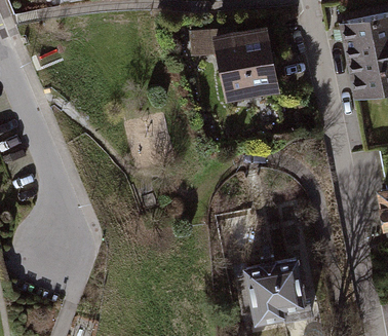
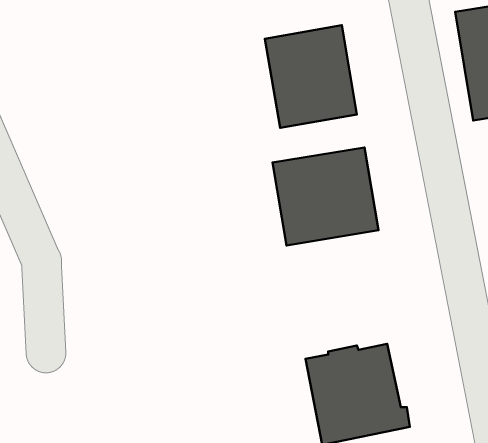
building: none -> [273,147,379,245]

